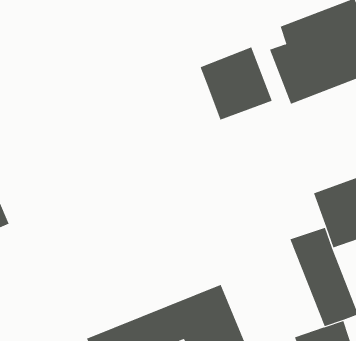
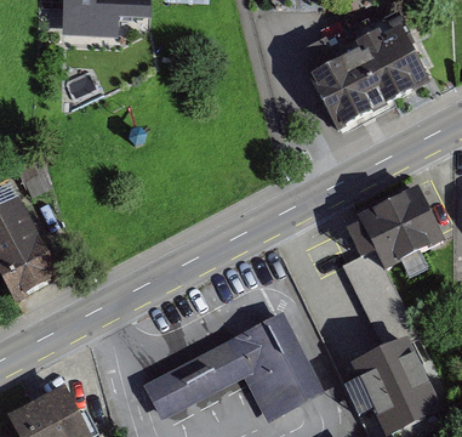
building: [200,46,273,121] -> none

